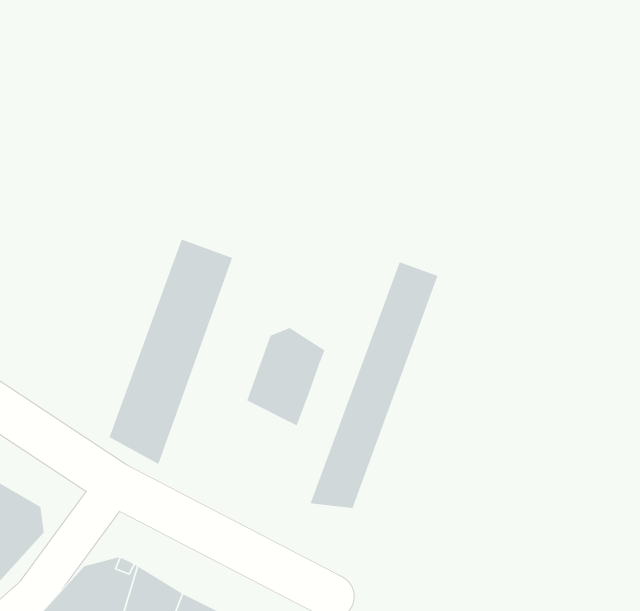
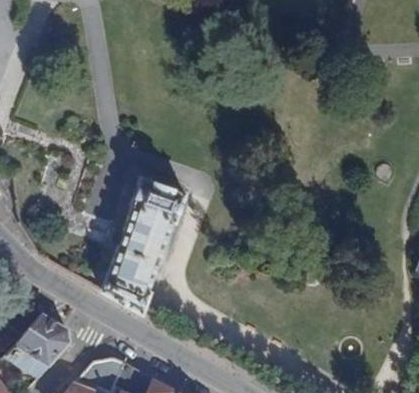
building: [310,261,438,509] -> none
building: [246,327,325,426] -> none

